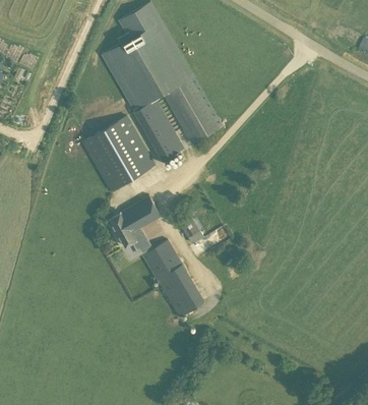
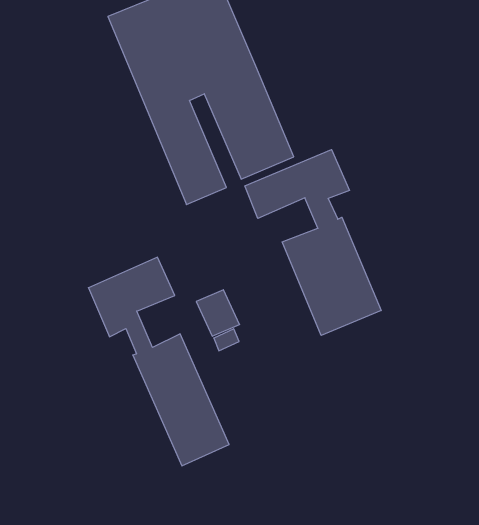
building: [81,117,156,192] -> none
building: none -> [245,150,381,335]

